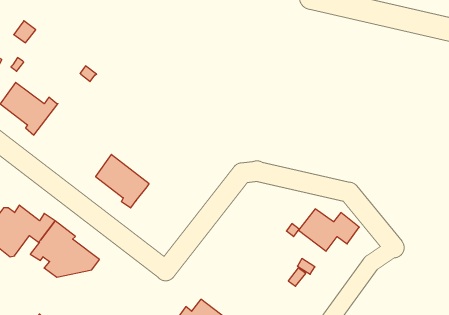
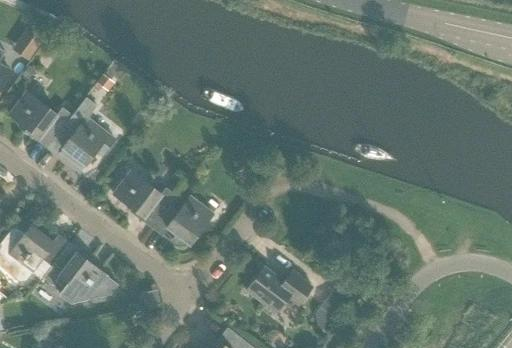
building: none -> [47,97,115,170]
building: none -> [158,197,213,245]
building: [299,209,359,251] -> [246,267,312,313]

